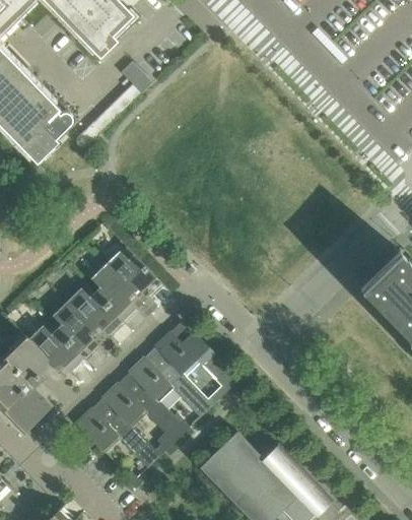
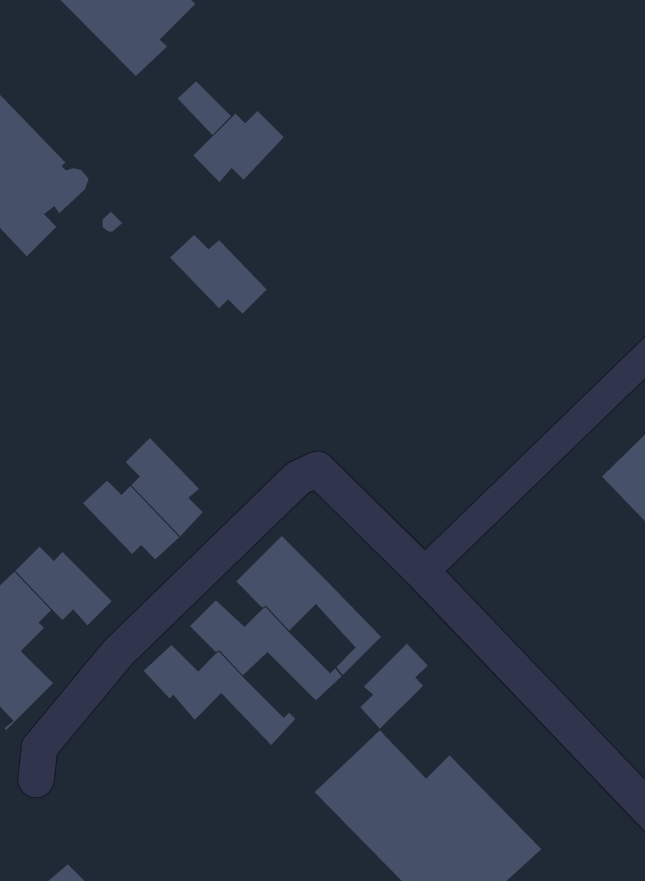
building: none -> [192,110,285,183]
building: [105,252,160,298] -> [169,234,267,315]
building: [52,303,97,359] -> none
building: none -> [360,643,429,730]
building: [74,408,162,466] -> none

